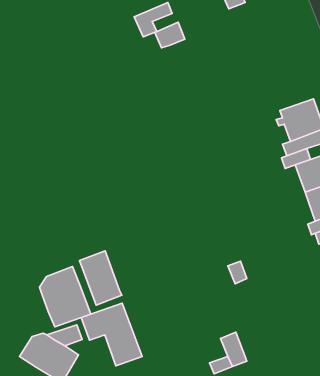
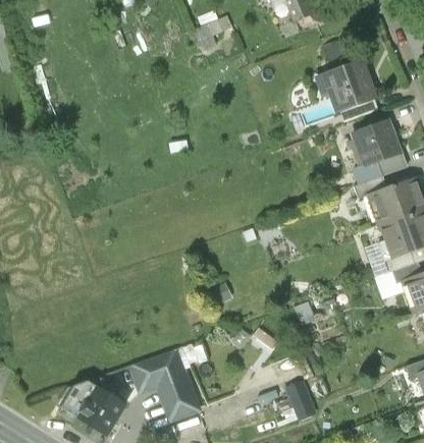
building: [155,22,185,48] -> none
building: none -> [318,60,377,112]
building: [80,251,122,305] -> none
building: [40,266,91,327] -> none

